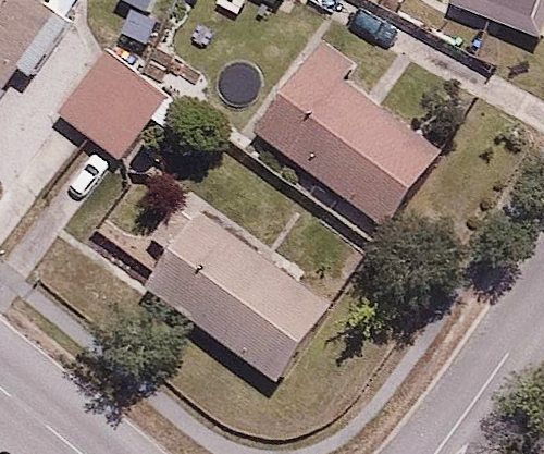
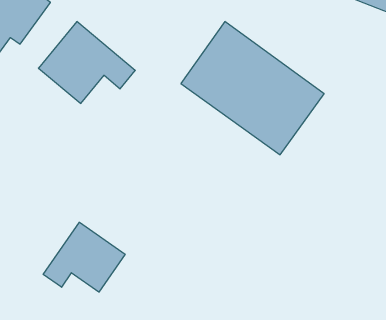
building: [125,199,329,381] -> none
building: none -> [43,222,125,292]

